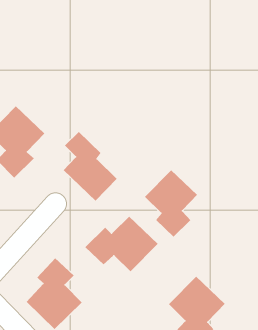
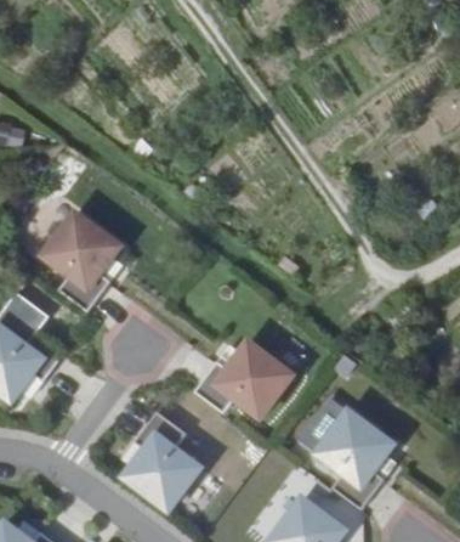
building: [63,131,118,201] -> none
building: [144,169,198,238] -> none

